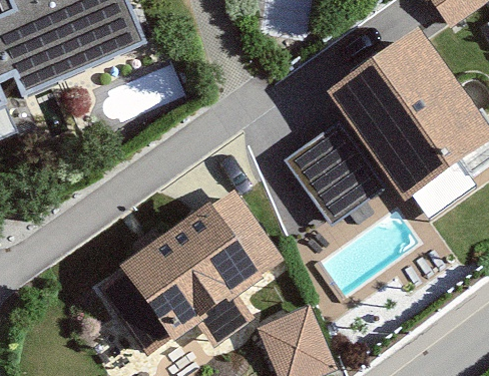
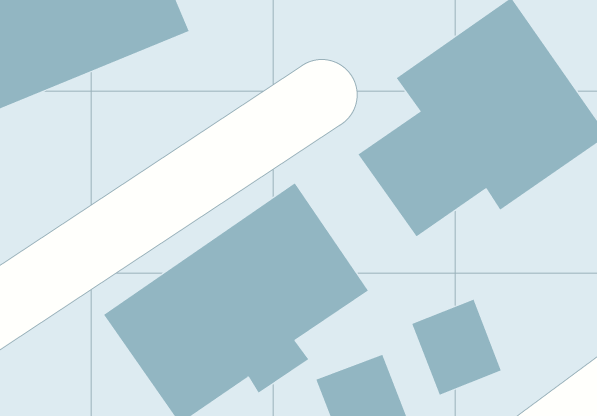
building: none -> [412,299,502,396]

